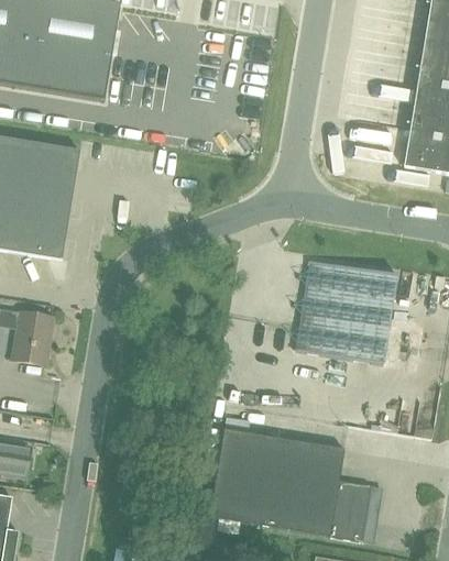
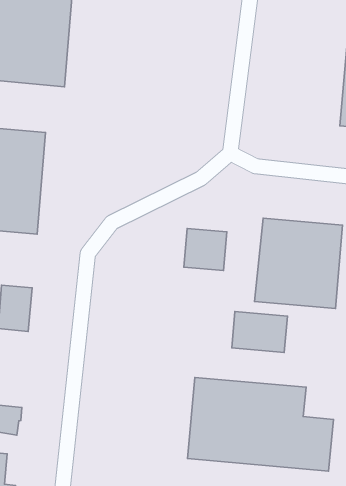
building: none -> [184,229,227,270]
building: none -> [232,311,287,352]

